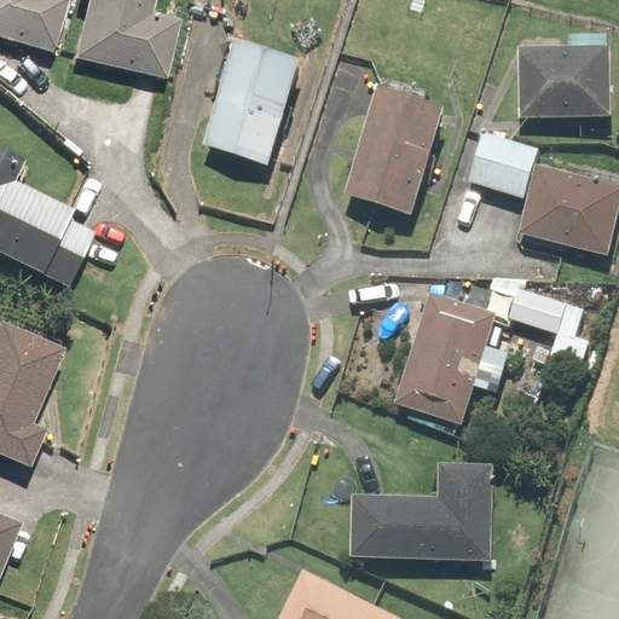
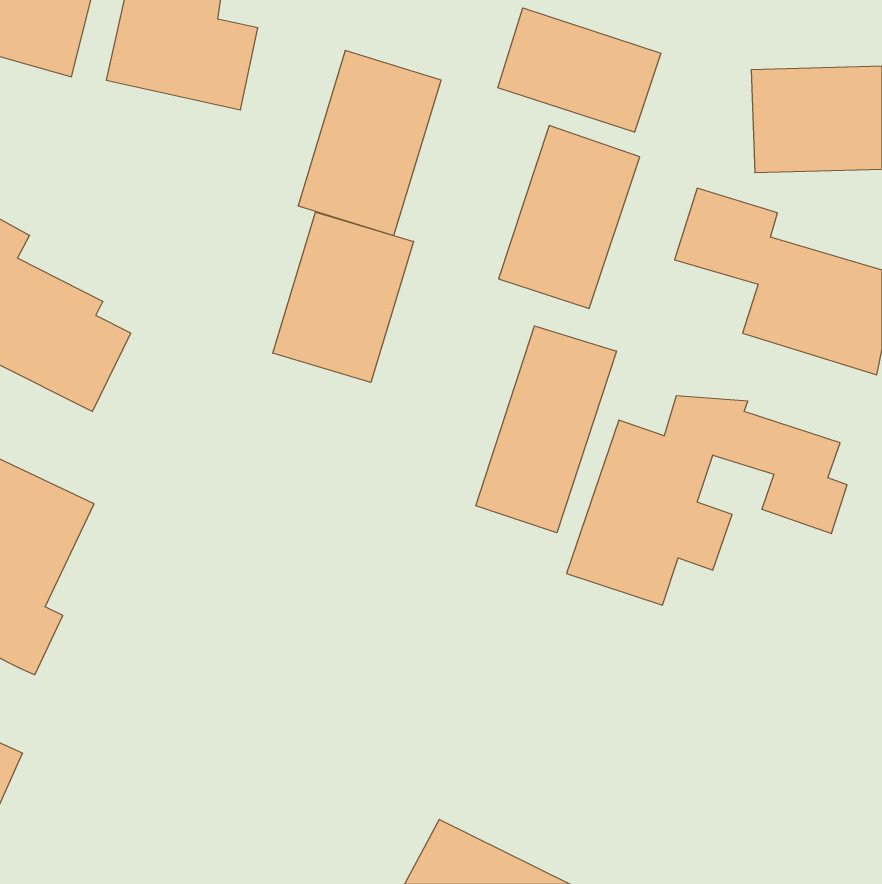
building: none -> [498,8,661,132]
building: none -> [273,212,414,382]
building: none -> [476,326,617,533]
building: [348,462,493,556] -> none

